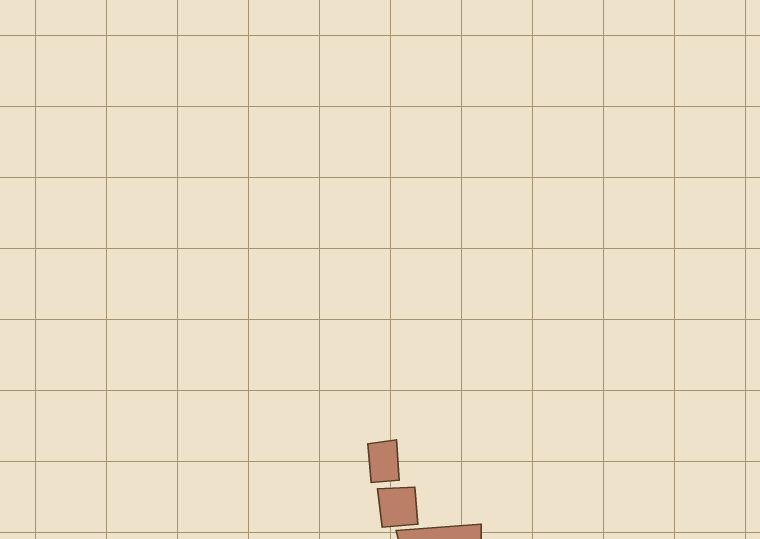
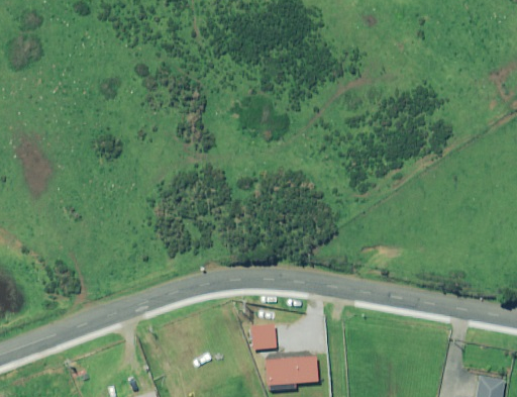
building: [368,440,399,483] -> none

